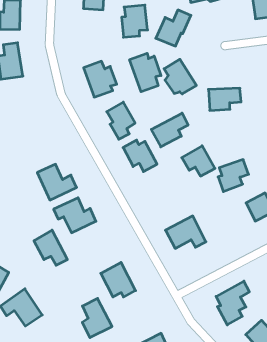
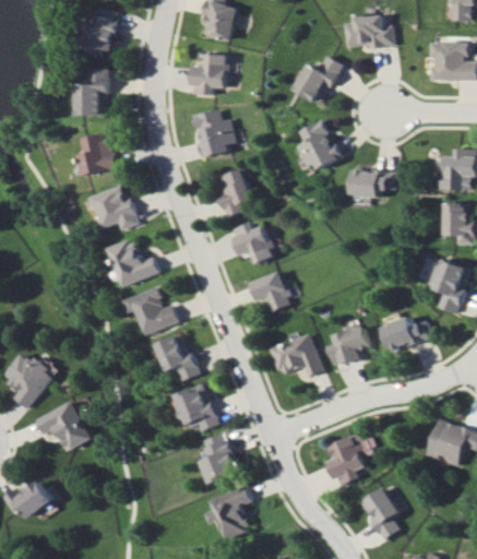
building: [122,5,148,37] -> [188,53,223,95]
building: [130,53,161,92] -> none
building: none -> [77,133,114,175]
building: [151,113,188,147] -> none
building: none -> [88,185,135,229]
building: [182,146,215,176] -> [249,271,291,311]
building: [218,160,249,192] -> [327,326,369,366]
building: [34,230,67,265] -> [156,333,198,381]
building: [82,298,112,338] -> [200,432,239,484]

